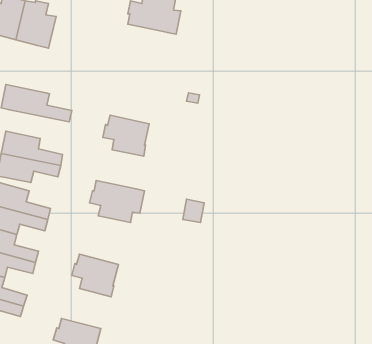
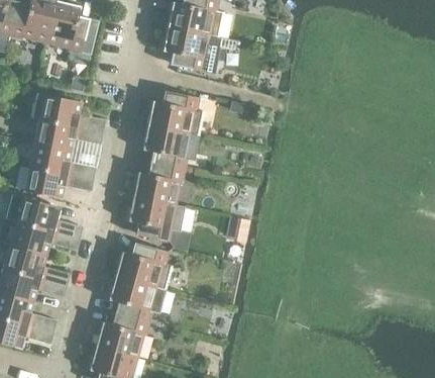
building: none -> [159,27,219,75]
building: none -> [146,92,204,137]
building: none -> [34,120,103,152]
building: none -> [132,164,184,206]
building: none -> [114,244,173,291]
building: none -> [95,314,148,358]

